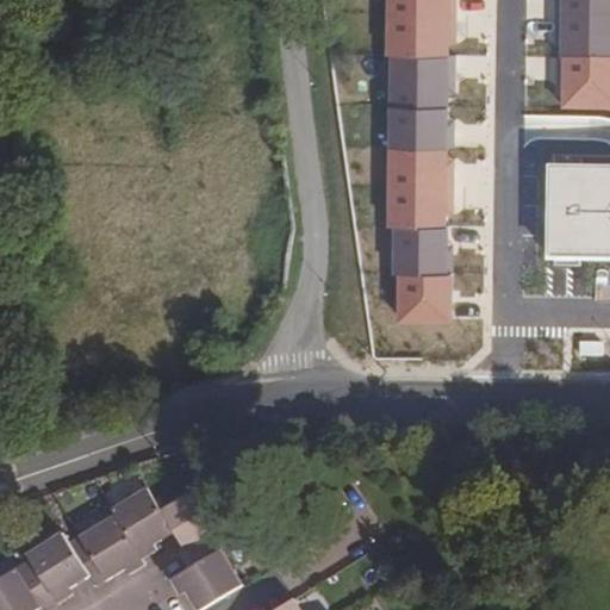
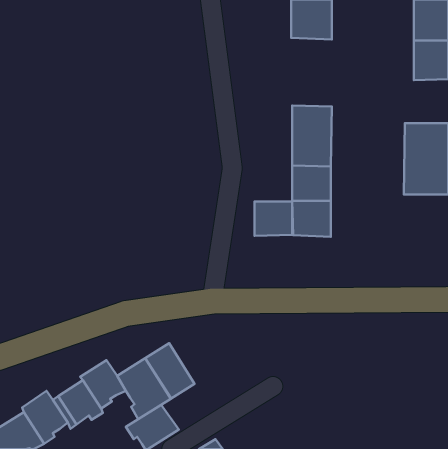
building: [394,51,449,144] -> none
building: none -> [255,201,292,236]
building: none -> [145,343,195,398]

